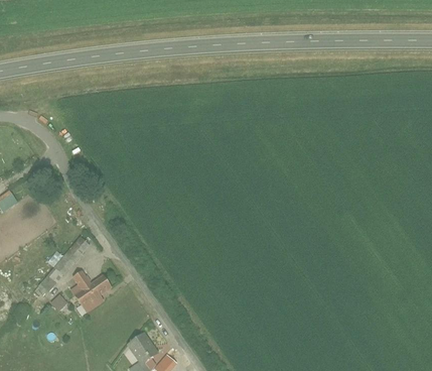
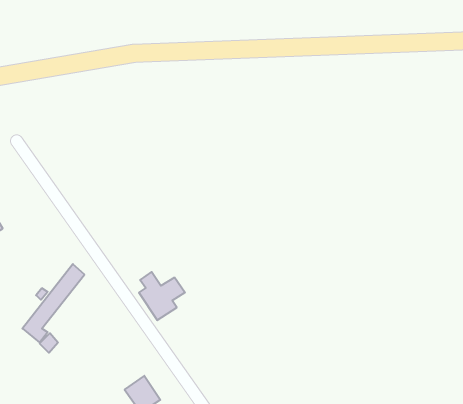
building: [69,270,110,313] -> [139,272,185,320]

